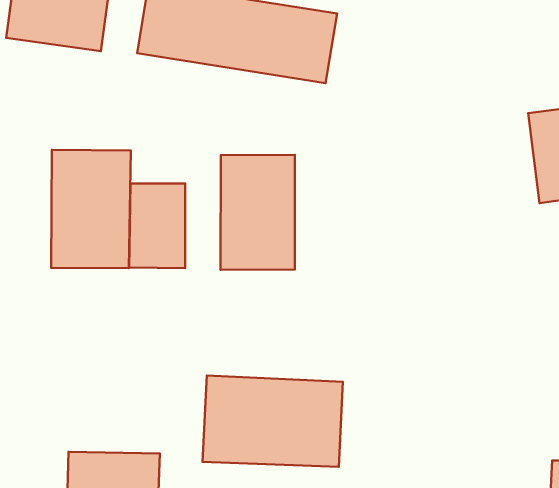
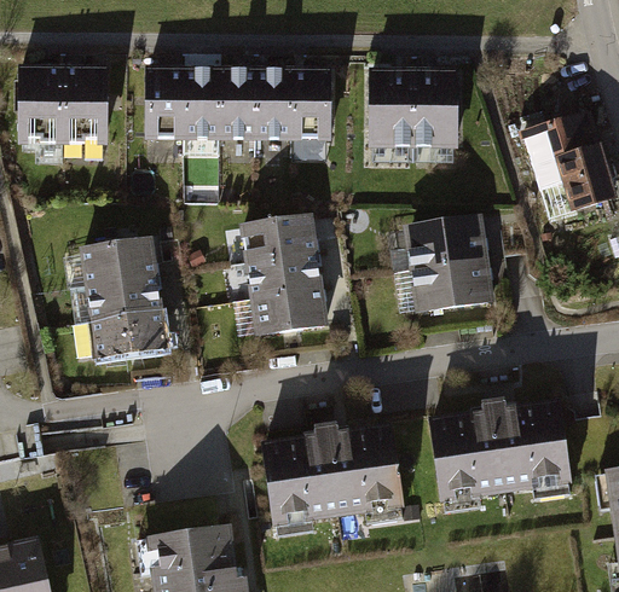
building: none -> [375,70,459,149]
building: none -> [401,214,493,312]
building: [129,184,185,268] -> none
building: none -> [428,397,568,499]

